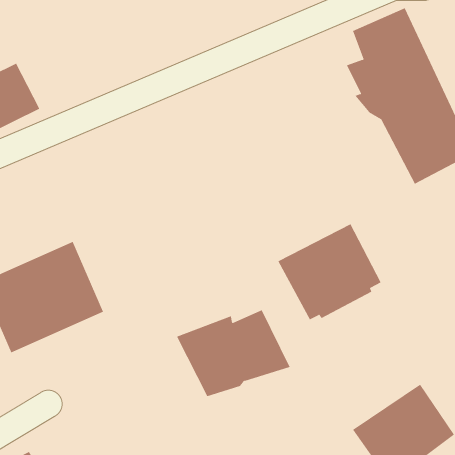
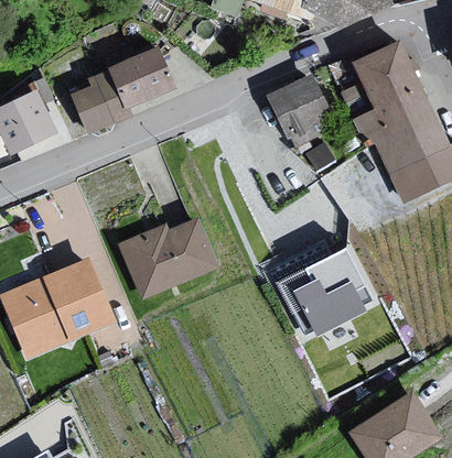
building: none -> [69,45,170,127]
building: none -> [266,75,329,149]
building: [176,309,291,397] -> [116,218,223,299]

